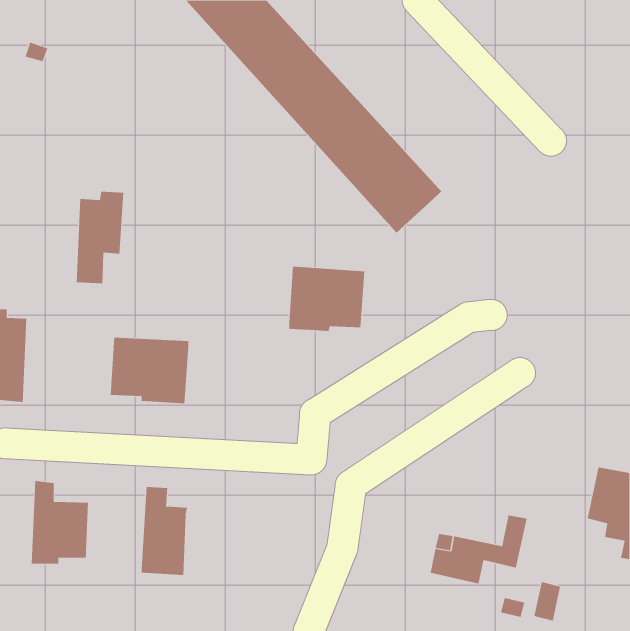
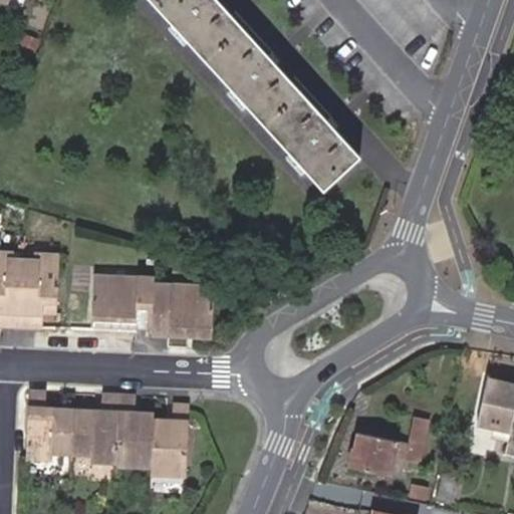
building: [76,191,124,284] -> [19,253,58,328]
building: [288,266,365,332] -> [151,282,213,335]
building: none -> [70,395,118,463]
building: none -> [150,403,188,476]

